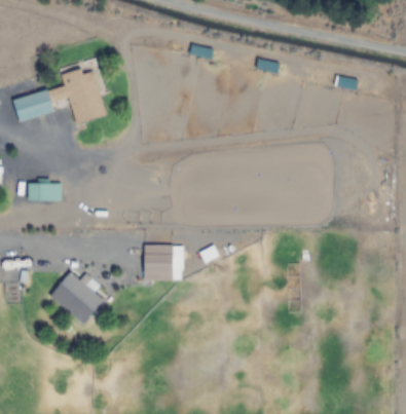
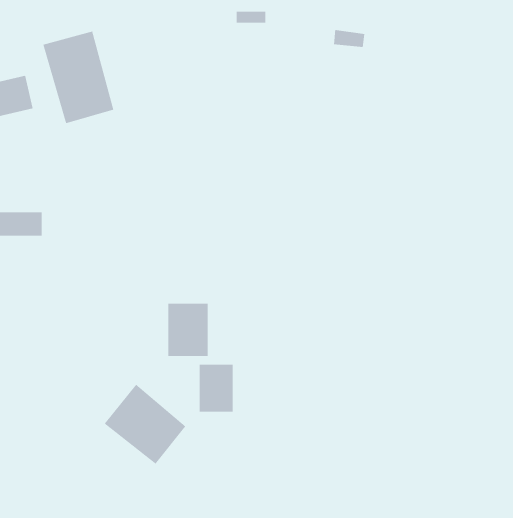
building: [49,270,105,325] -> [104,384,186,465]
building: none -> [199,364,233,413]

